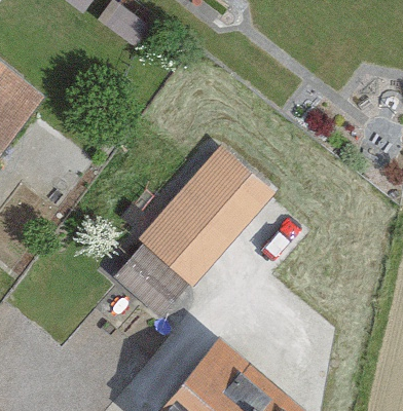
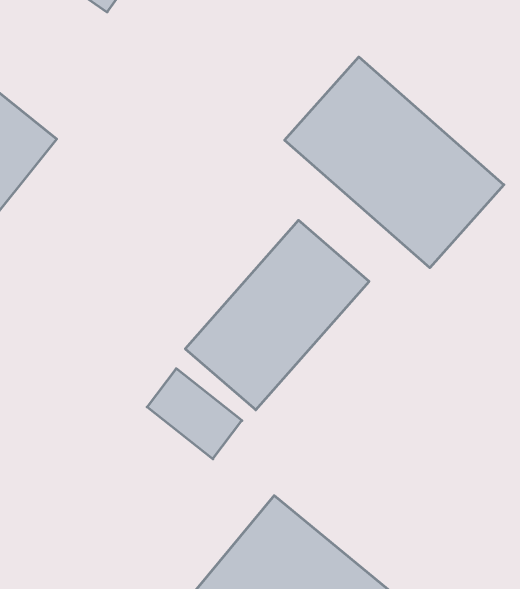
building: none -> [285,57,504,268]

